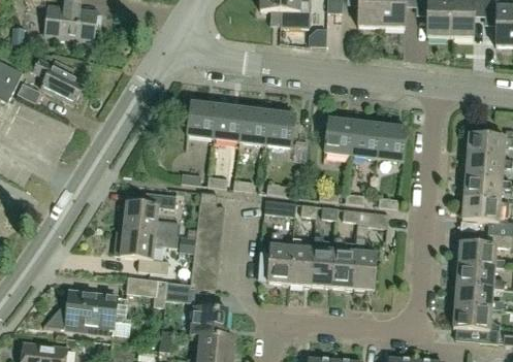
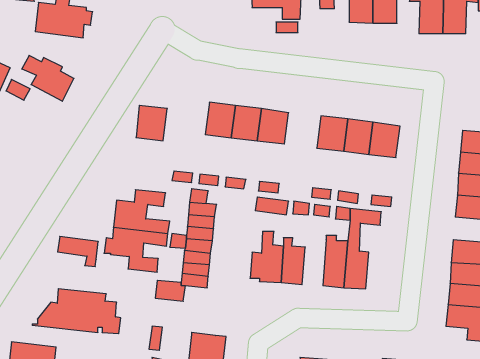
building: [188,101,219,136] -> [136,105,167,141]
building: [311,234,334,286] -> none
building: [127,275,167,305] -> [58,236,98,267]
building: [190,304,228,335] -> none

